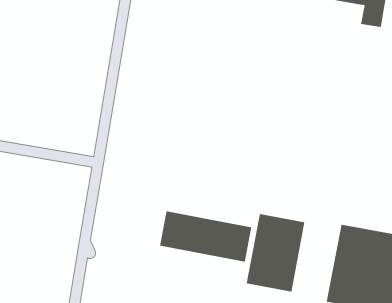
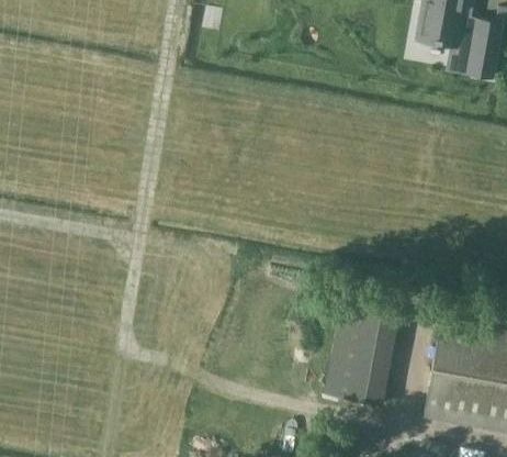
building: [160,211,252,262] -> none

